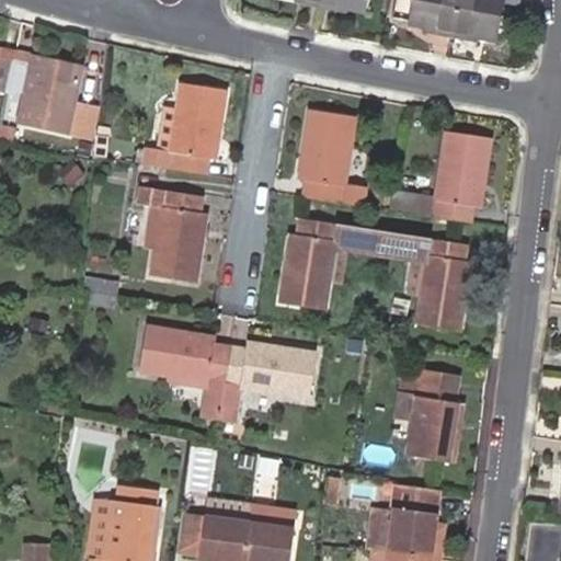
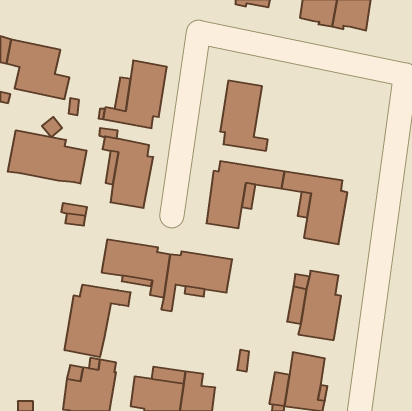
building: [390,131,491,222] -> none
building: none -> [8,130,86,184]
building: none -> [65,285,131,357]

